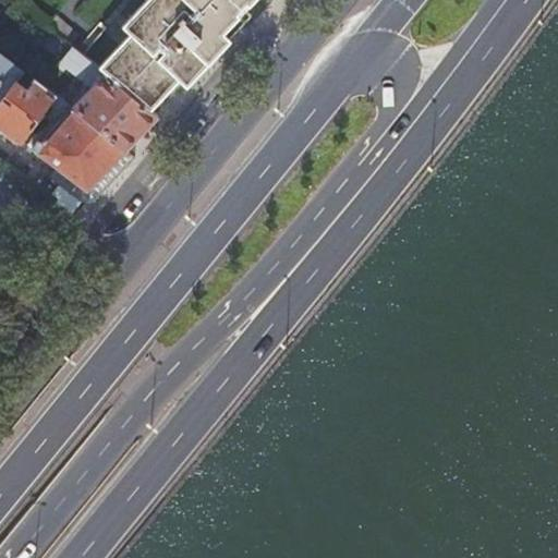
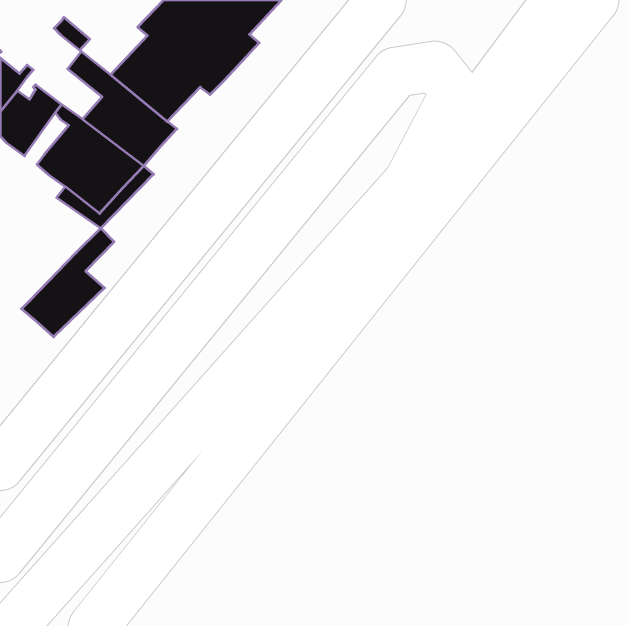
building: none -> [21,228,114,337]

